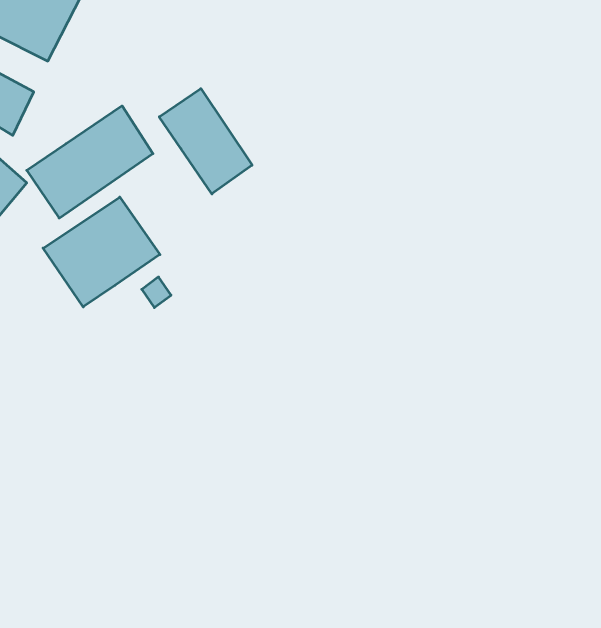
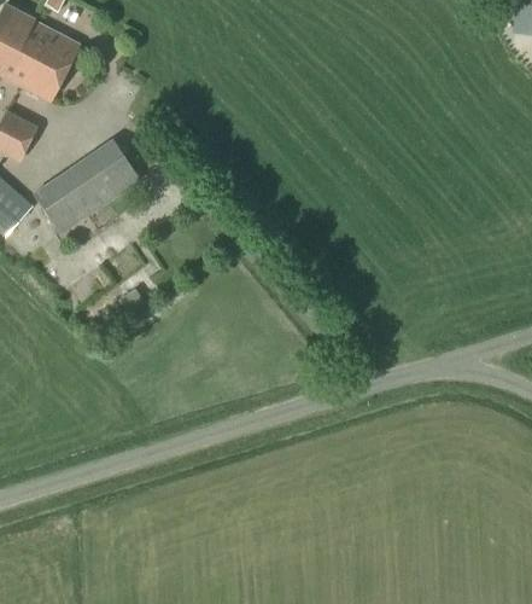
building: [159,89,252,194] -> none
building: [43,197,160,307] -> none

